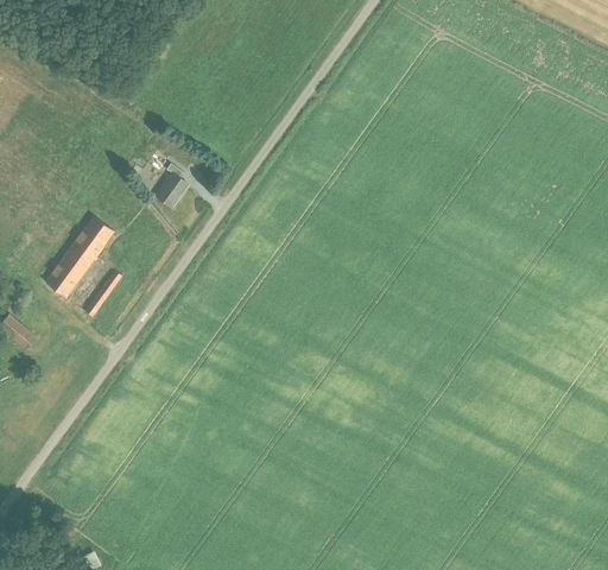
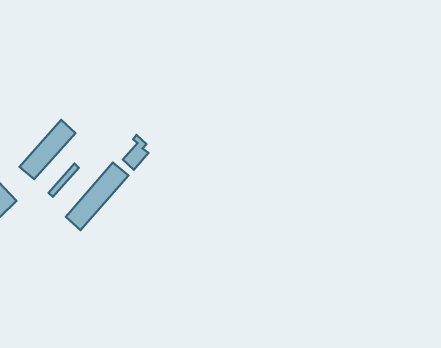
building: [154,164,186,209] -> [123,135,149,170]
building: none -> [66,163,128,230]

